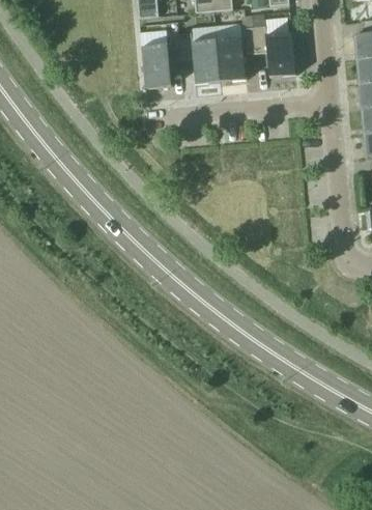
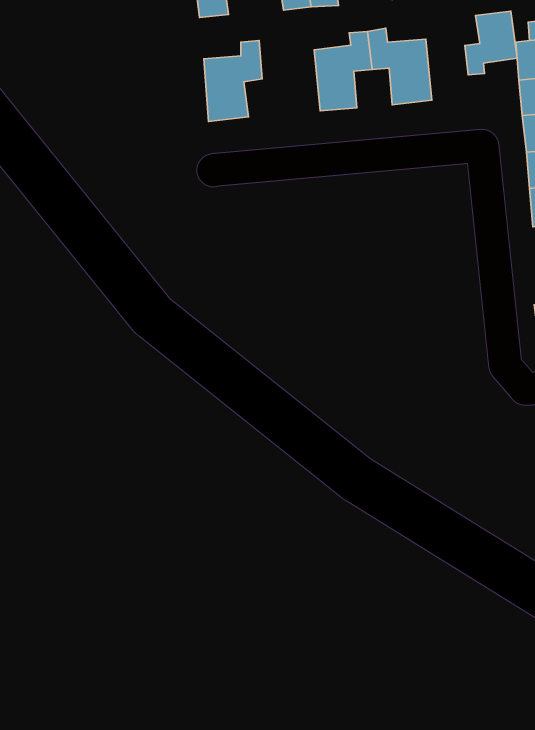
building: none -> [465,11,517,75]
building: [179,31,221,82] -> none

